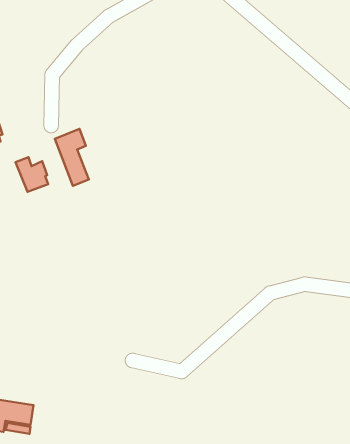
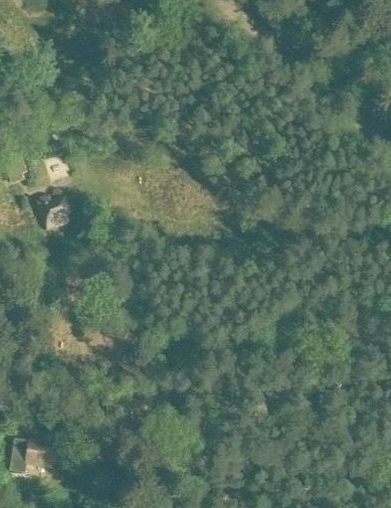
building: [55,129,89,186] -> none

